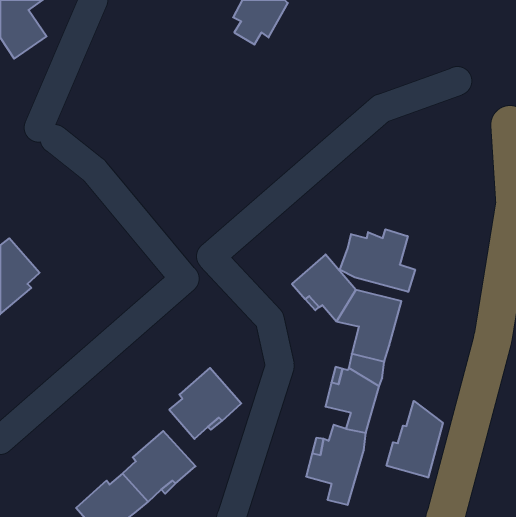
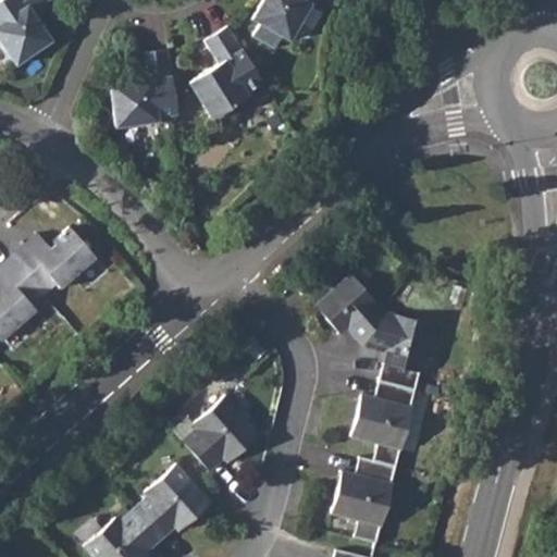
building: none -> [189,26,263,119]
building: none -> [110,49,177,127]
building: none -> [12,226,97,294]
building: [340,229,415,292] -> none
building: [387,401,443,478] -> none

